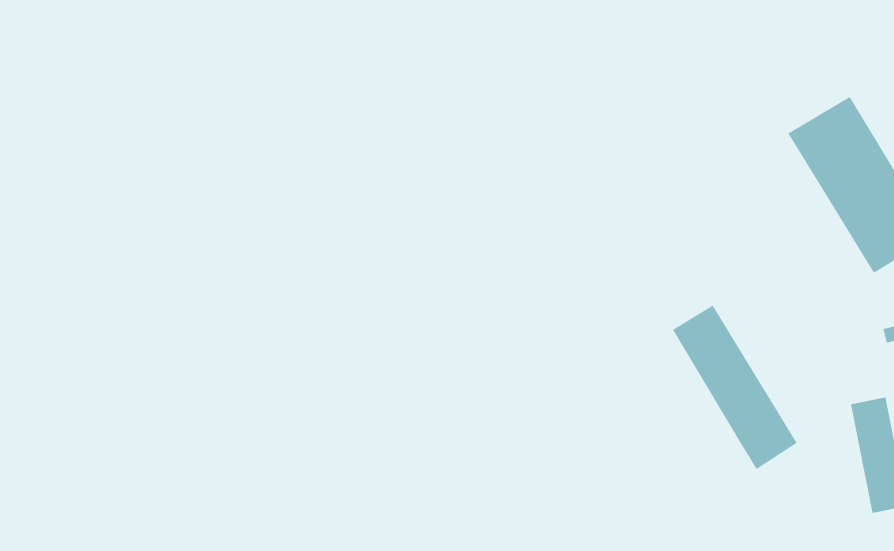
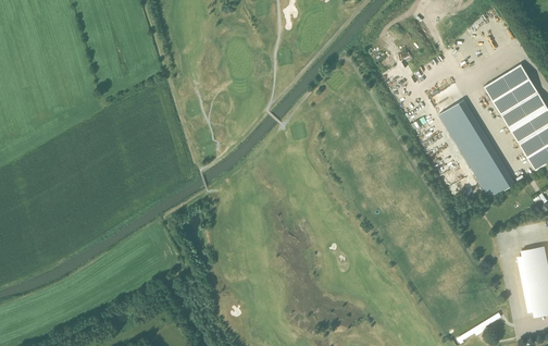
building: [672,305,798,470] -> [437,100,513,200]

